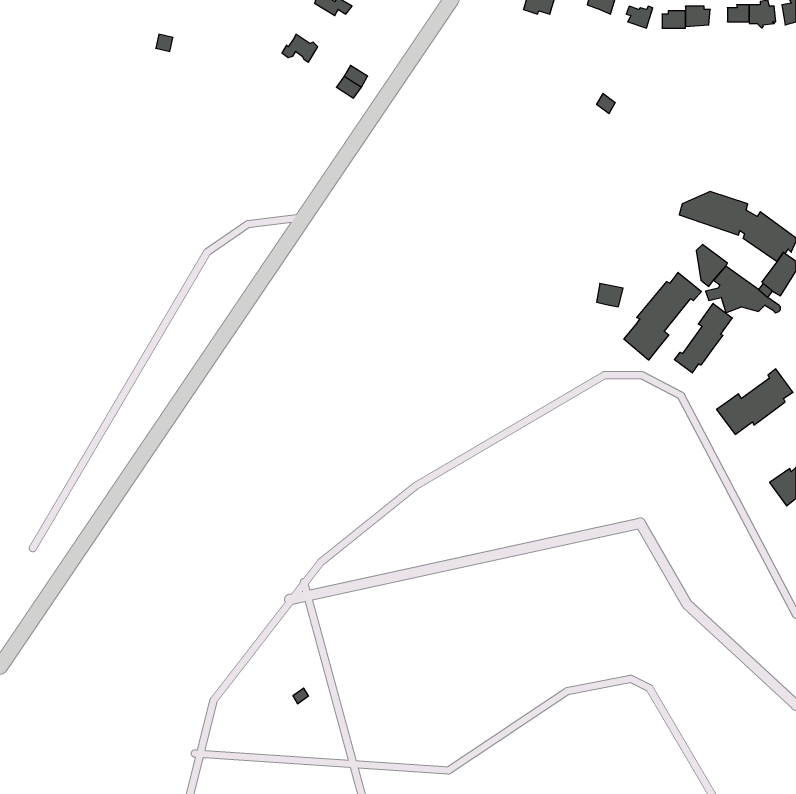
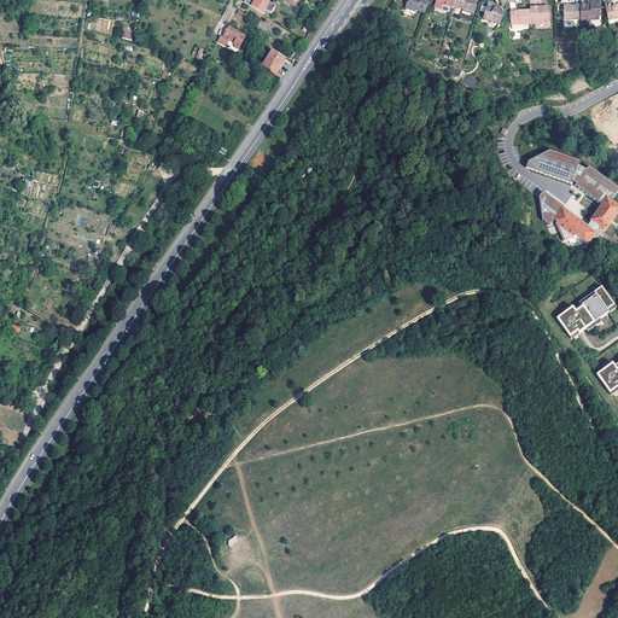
building: [624,272,701,360] -> none
building: [674,303,732,373] -> none

